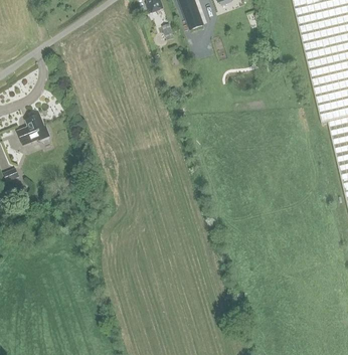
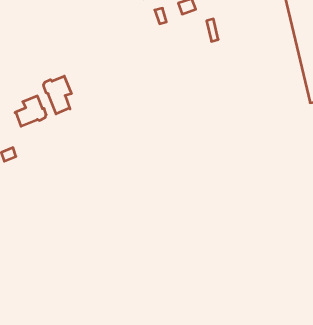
building: none -> [44,76,71,114]

